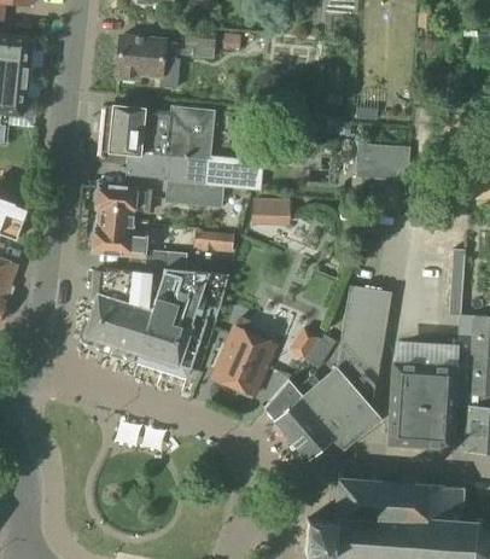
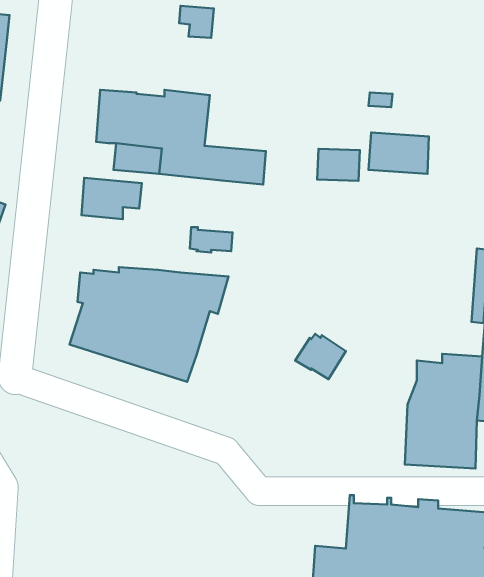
building: [117,36,180,88] -> none
building: [165,181,223,208] -> none
building: [252,197,291,226] -> [317,149,360,181]
building: [93,219,187,270] -> none
building: [264,285,391,460] -> none
building: [214,326,276,394] -> none

